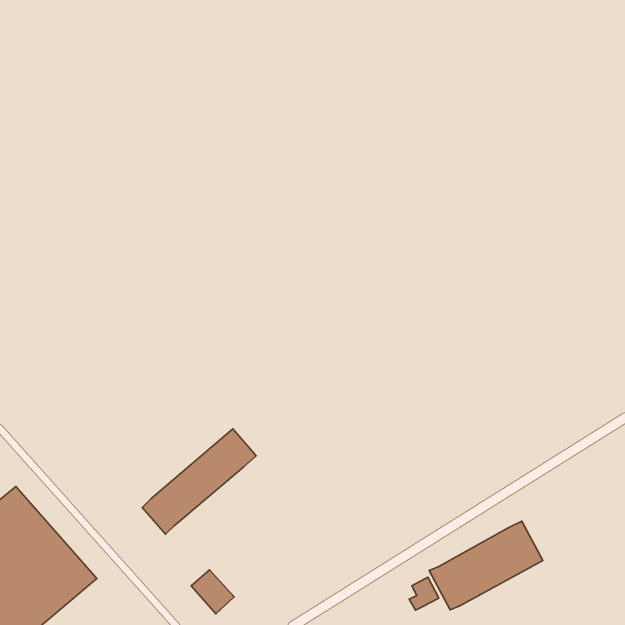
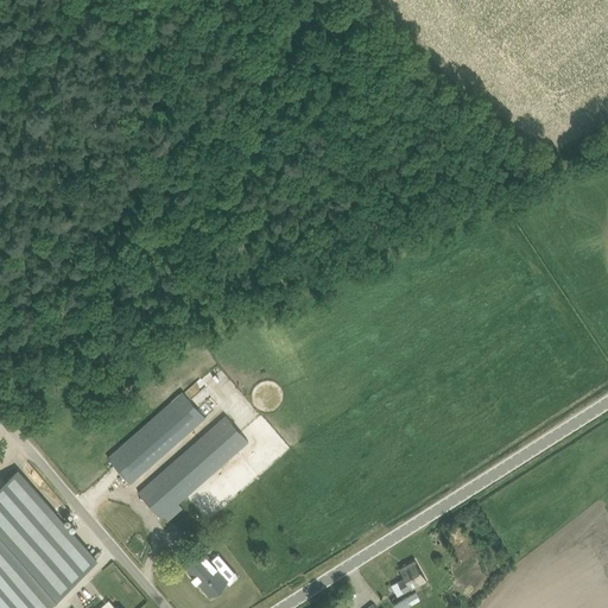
building: none -> [107,392,204,483]
building: [429,521,543,610] -> none

